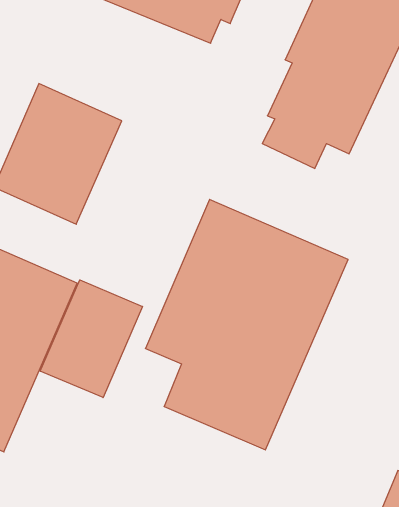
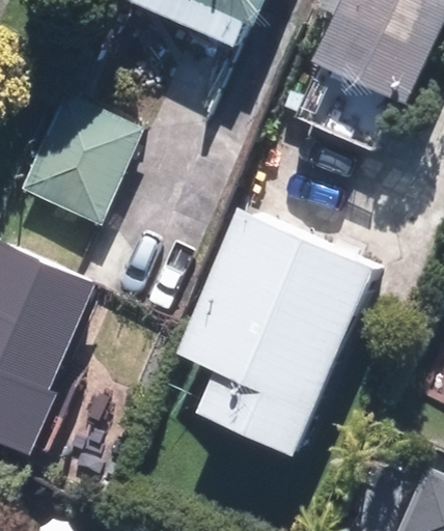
building: [40,280,142,398] -> none

